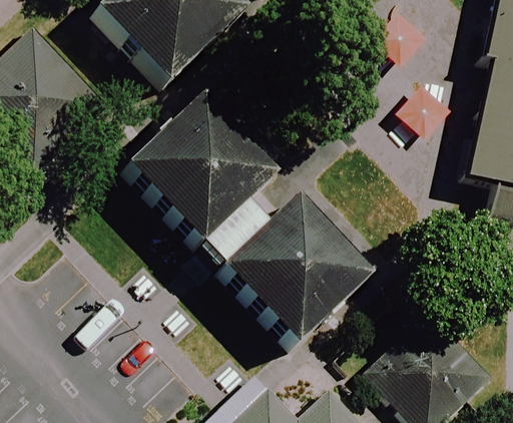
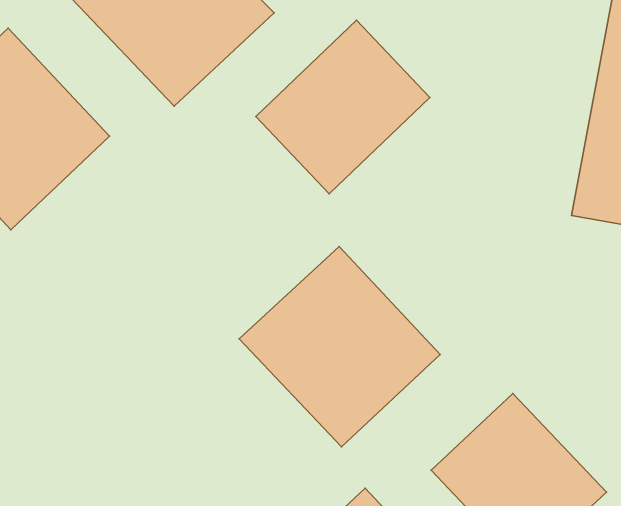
building: none -> [256,20,430,194]
building: [117,88,274,243] -> none

